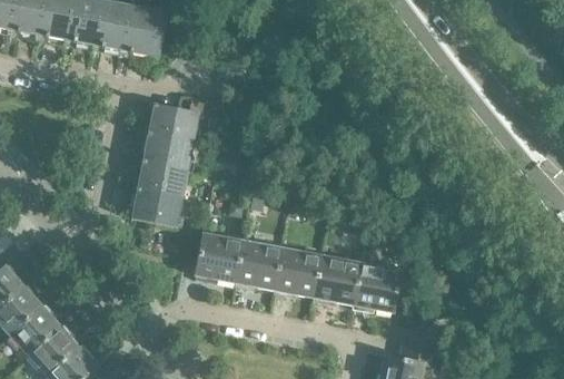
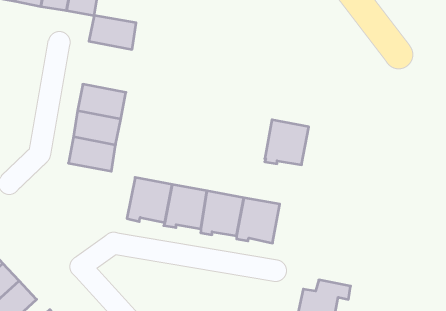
building: [147,103,198,139] -> [89,16,136,49]
building: [353,261,400,310] -> [265,120,309,165]

